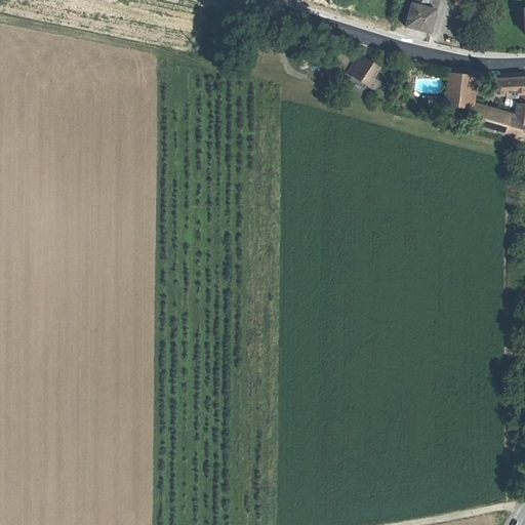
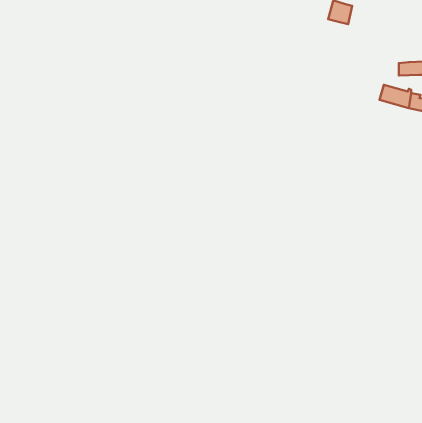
building: [350,56,380,89] -> none
building: [450,70,471,106] -> none

